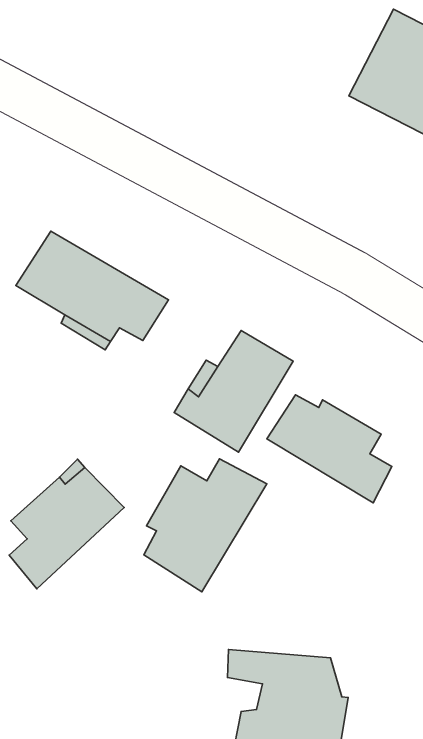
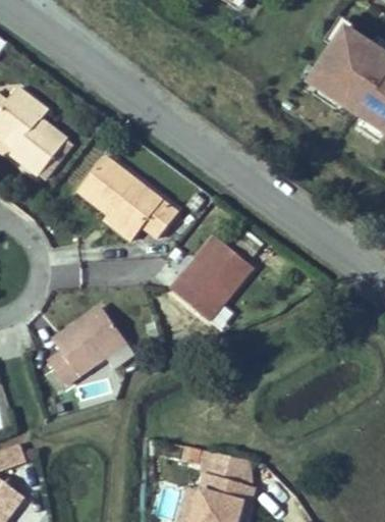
building: [267,395,392,503] -> none
building: [144,459,267,592] -> none

